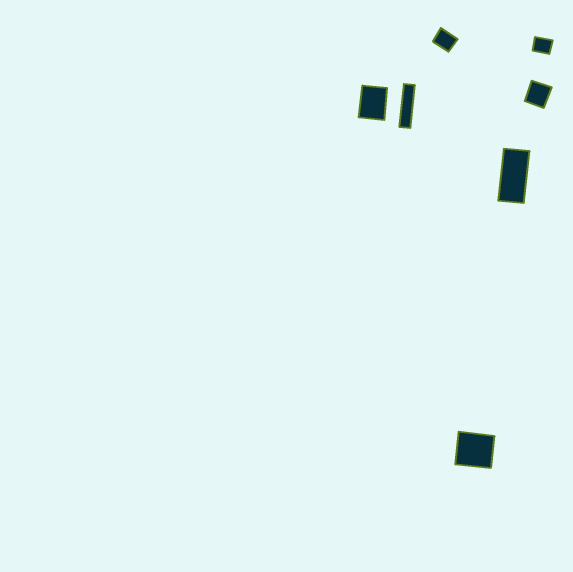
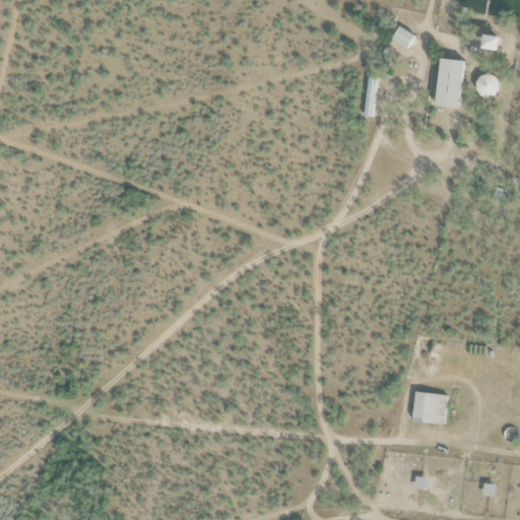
building: [359,85,387,120] -> none
building: [498,149,530,203] -> [436,58,464,107]

